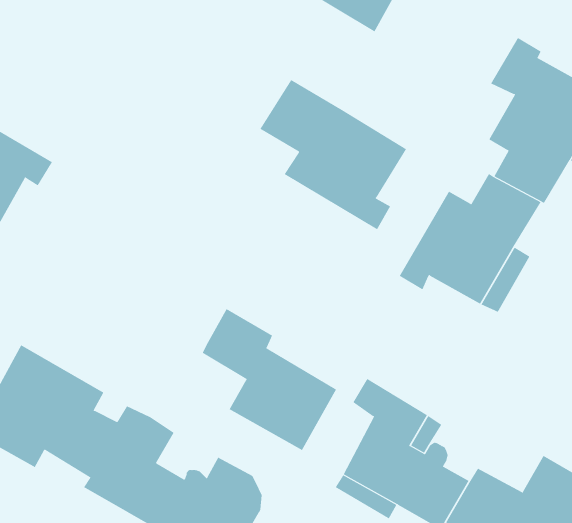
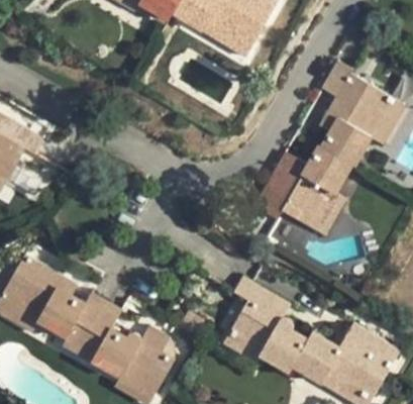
building: [259,79,407,230] -> none
building: [202,308,337,451] -> none

